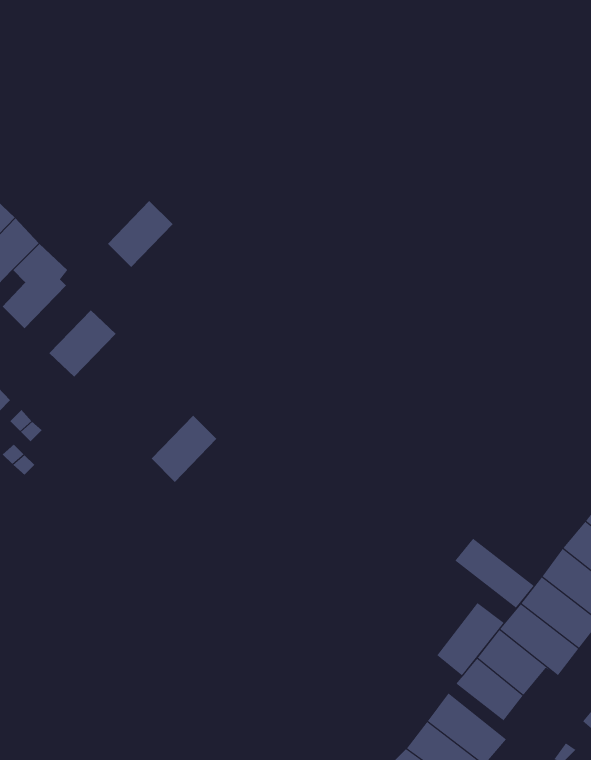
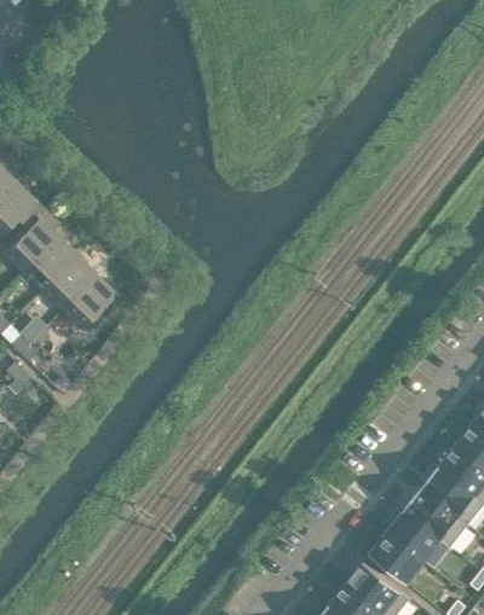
building: [107,200,173,268] -> [23,233,76,288]
building: [151,415,217,483] -> [63,272,116,326]
building: [455,538,534,608] -> none
building: [436,602,504,676] -> none

